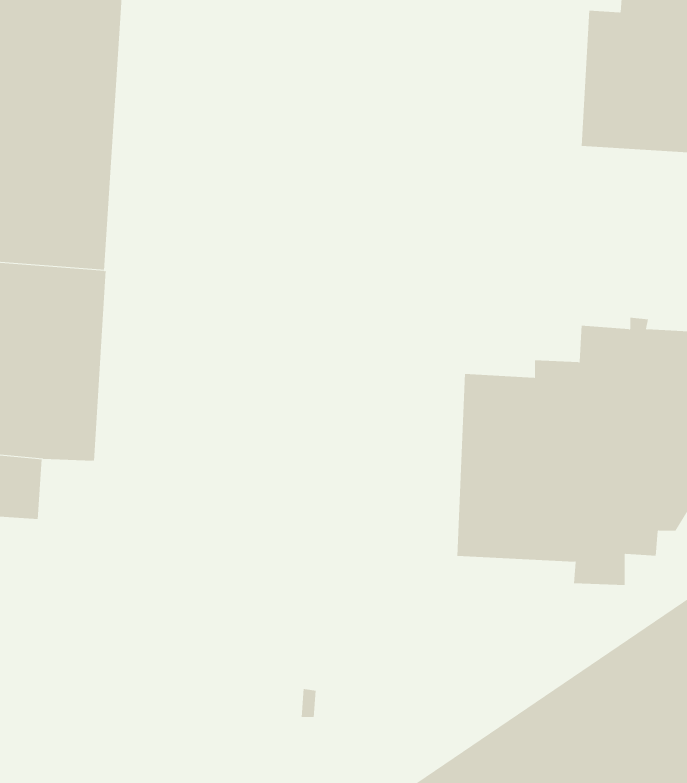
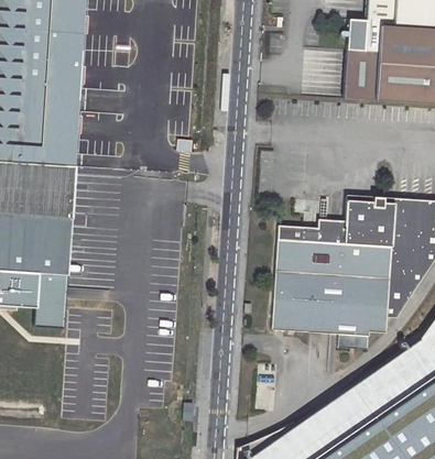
building: none -> [35,273,67,326]

